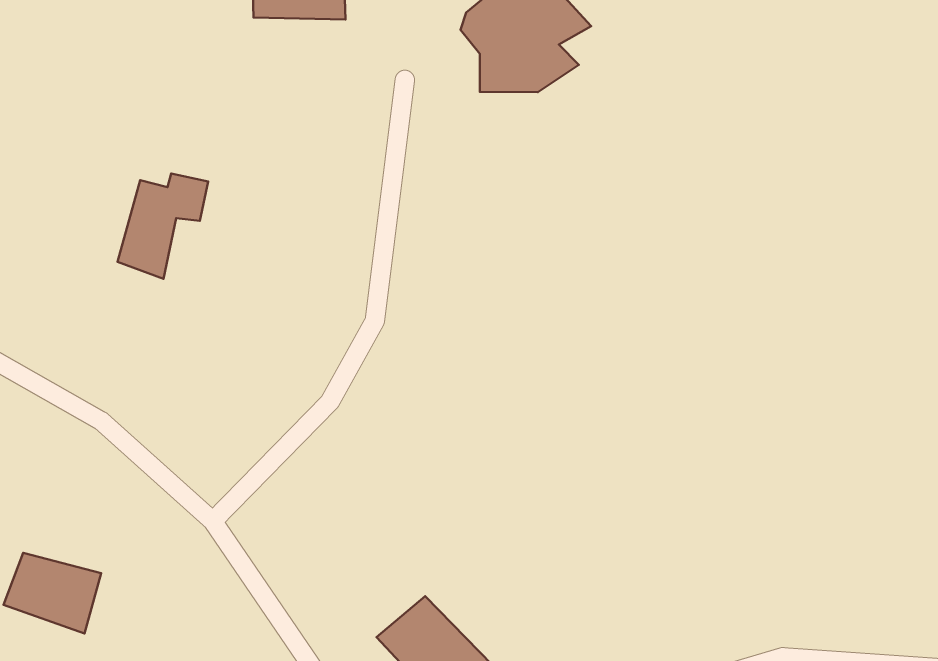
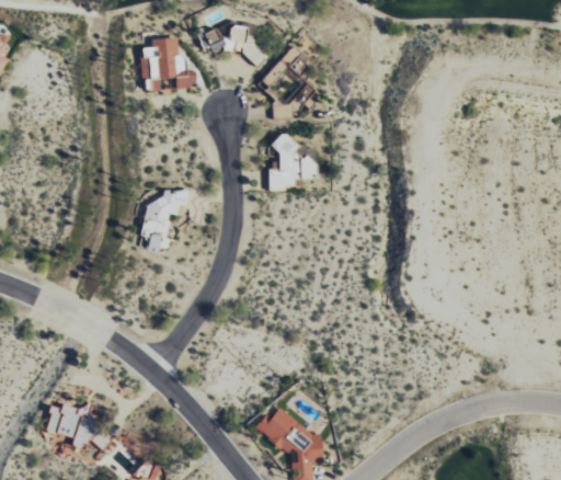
building: none -> [266,130,318,194]
building: [117,174,208,279] -> [139,187,184,245]

